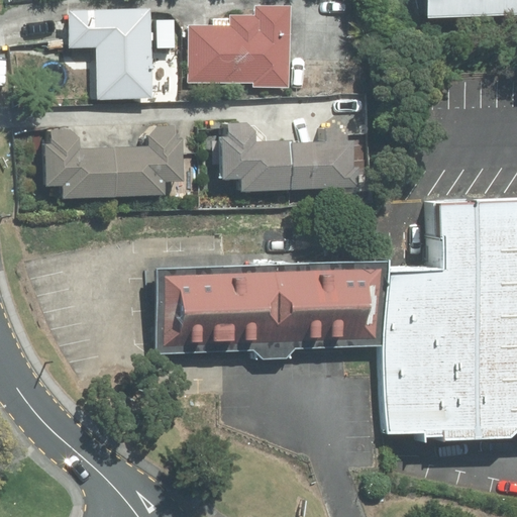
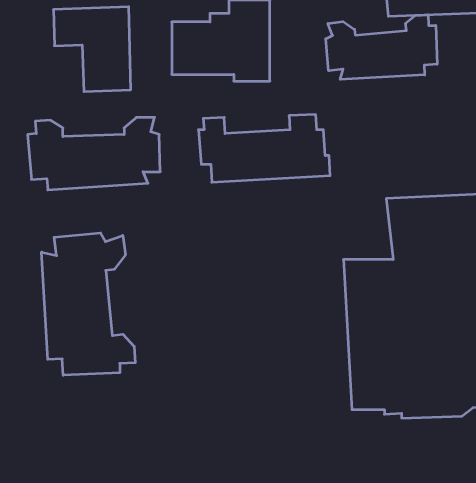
building: none -> [326,15,437,79]
building: none -> [42,233,135,375]
building: [153,263,378,353] -> none

